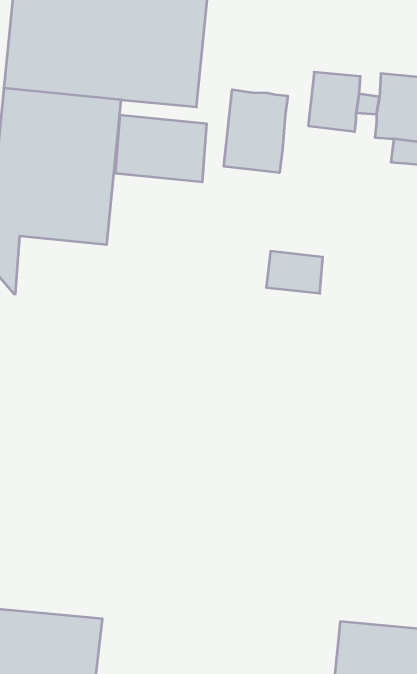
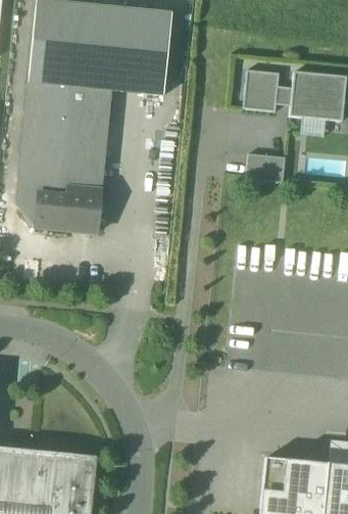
building: [224,90,288,173] -> none
building: [115,115,207,182] -> [36,187,100,234]
building: [266,251,323,293] -> [245,154,285,184]

